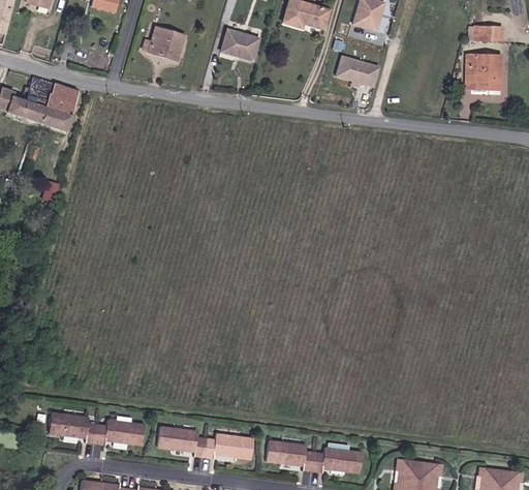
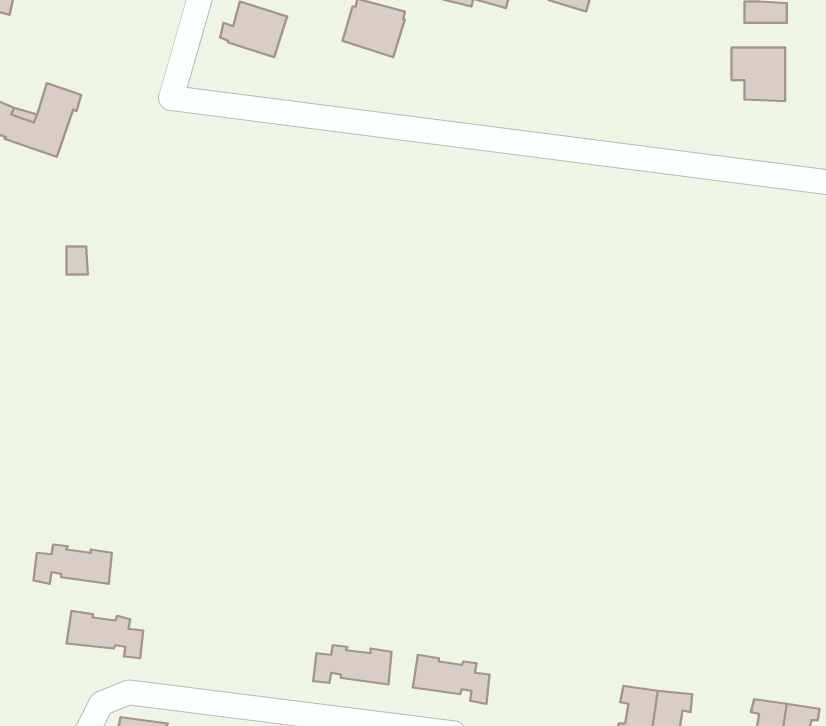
building: [335,59,379,90] -> none
building: [40,85,79,131] -> none
building: [93,419,143,443] -> [34,545,112,584]
building: [156,425,205,456] -> none
building: [312,442,362,472] -> none

